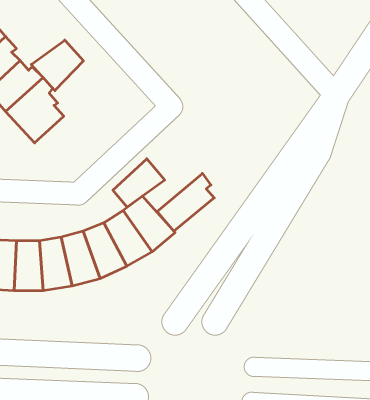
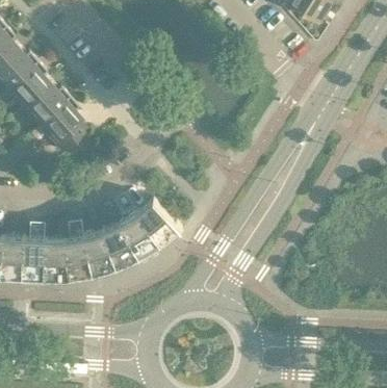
building: [31,40,83,91] -> none
building: [113,159,165,207] -> none
building: [157,173,214,231] -> none

